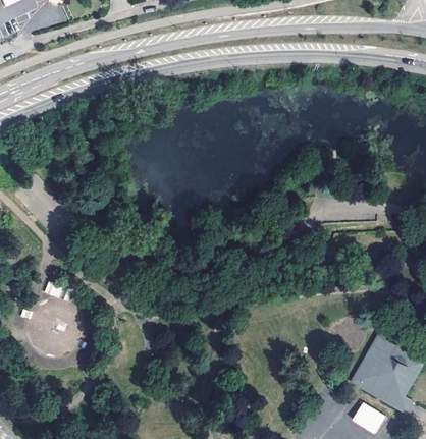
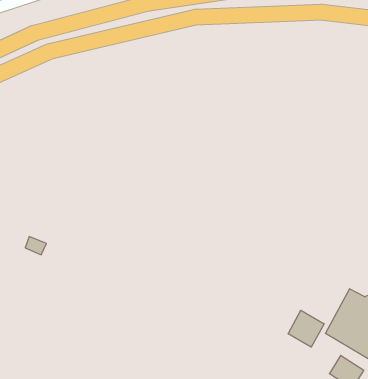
building: none -> [288,310,324,347]

